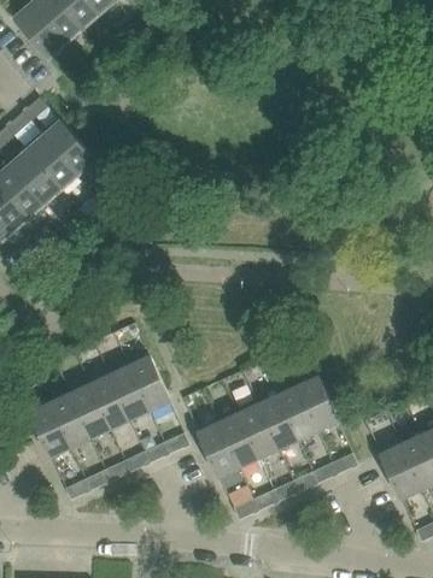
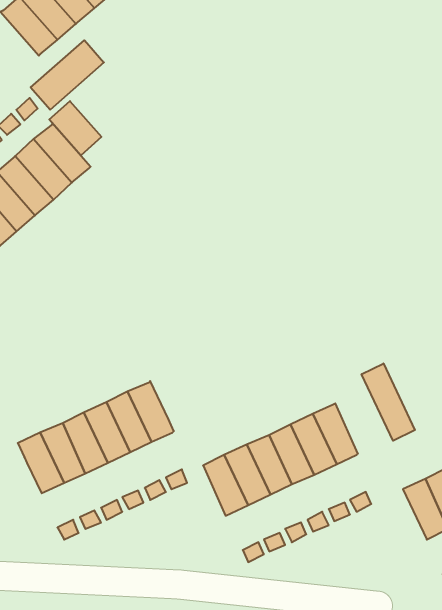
building: none -> [31,40,104,110]
building: none -> [49,101,101,155]
building: none -> [362,363,415,441]

